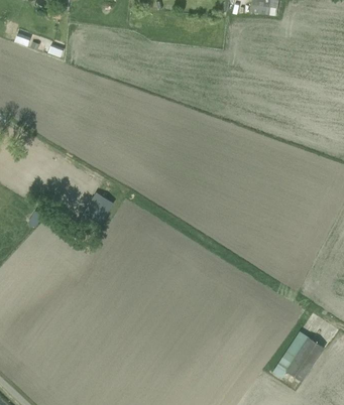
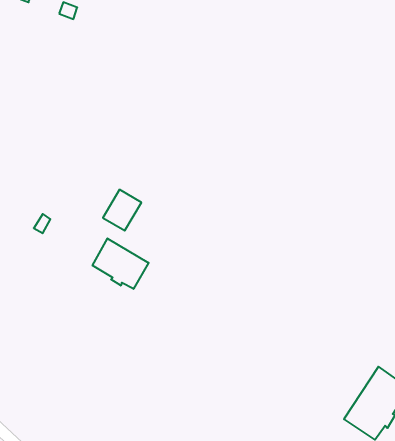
building: none -> [93,238,149,289]

